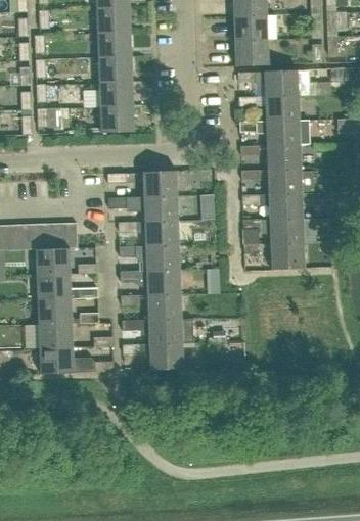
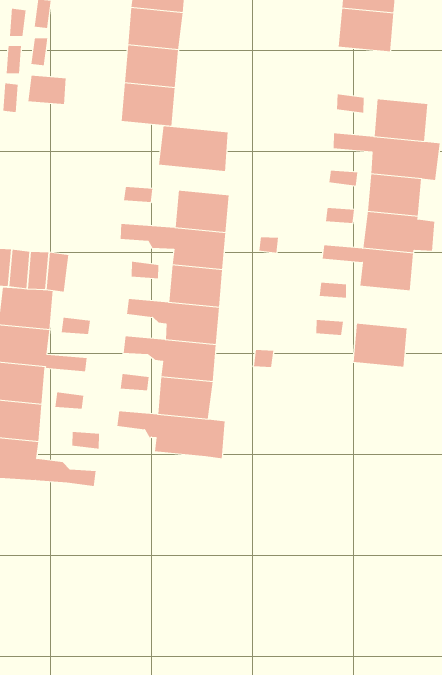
building: [238,69,299,96] -> none
building: none -> [159,125,228,172]
building: [269,218,304,243] -> none
building: [123,342,184,370] -> none

